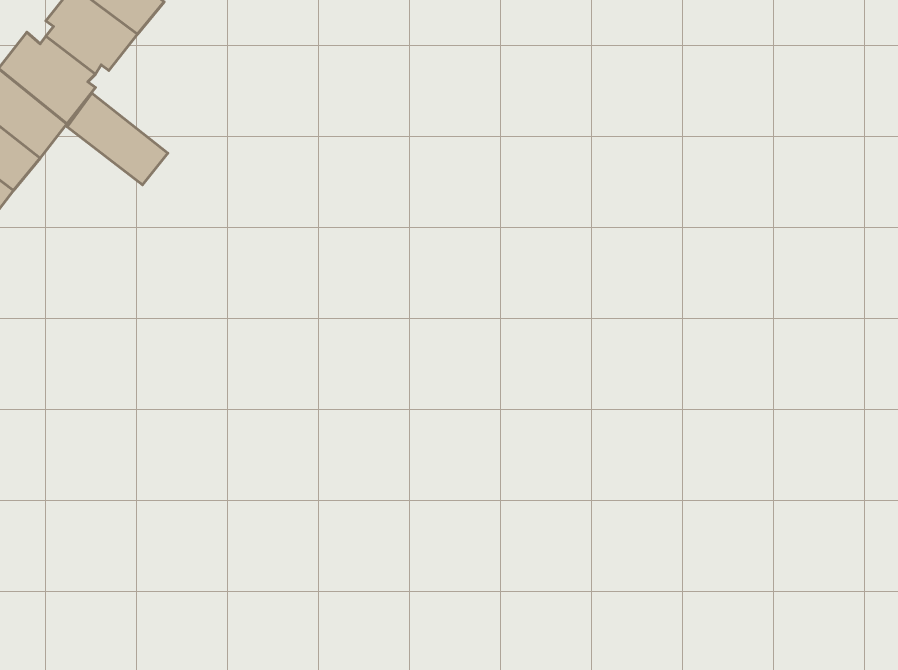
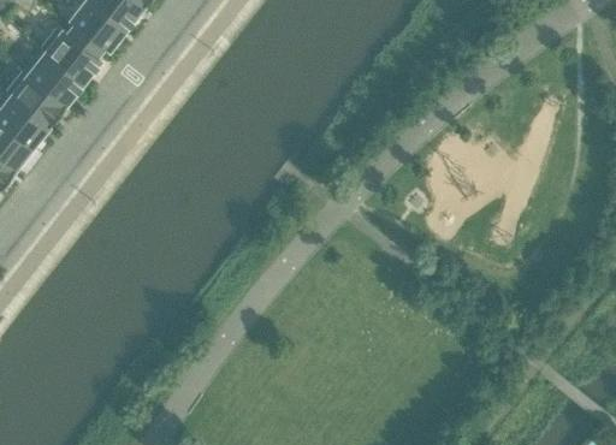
building: [67,93,168,185] -> none

